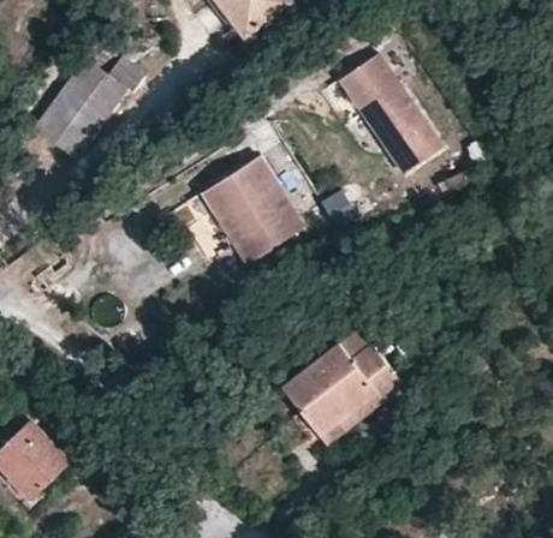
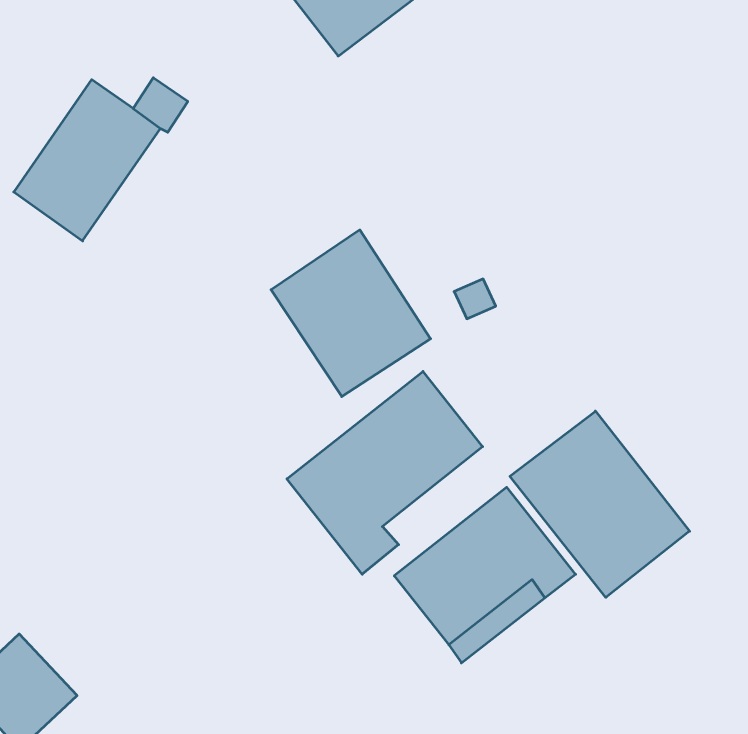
building: [337,53,441,172] -> none
building: none -> [287,371,483,574]
building: none -> [510,411,690,597]

